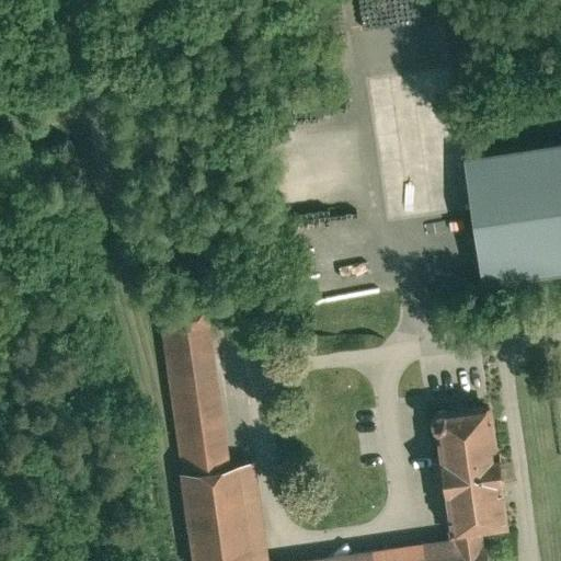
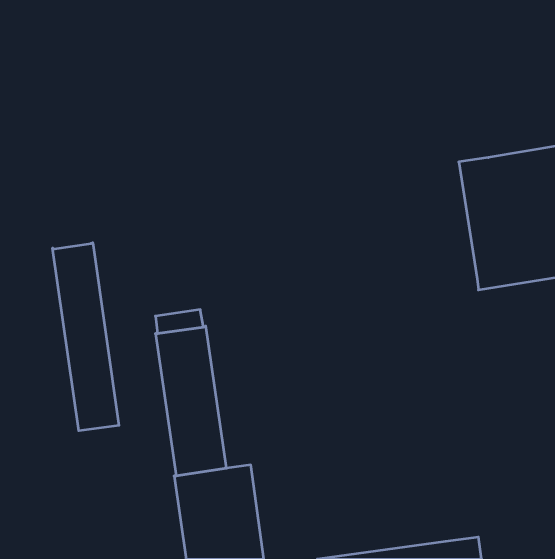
building: none -> [53,243,119,431]
building: [433,412,511,542] -> none

